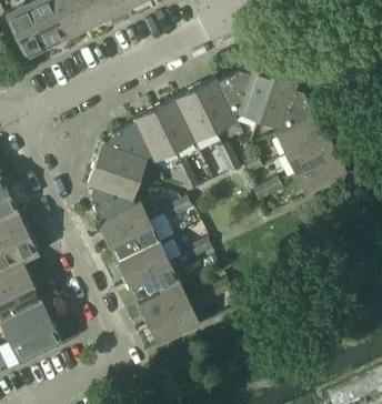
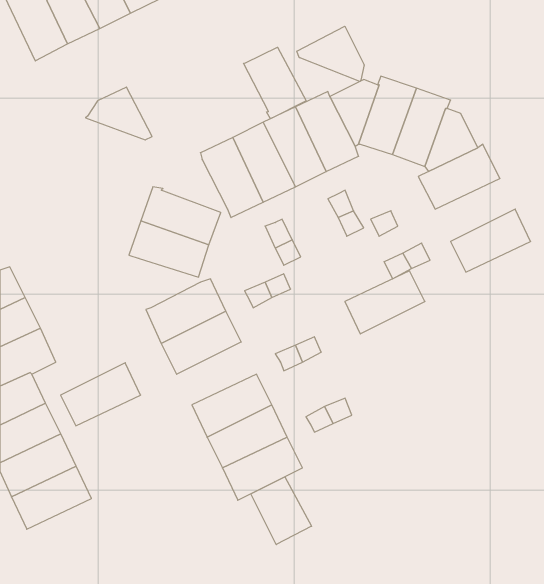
building: none -> [297,26,364,81]
building: none -> [244,47,306,119]
building: [108,123,151,158] -> [86,87,152,140]
building: [286,135,339,176] -> [345,271,425,334]
building: [90,188,133,220] -> none
building: [118,242,170,283] -> [61,363,141,426]
building: none -> [251,477,312,545]

